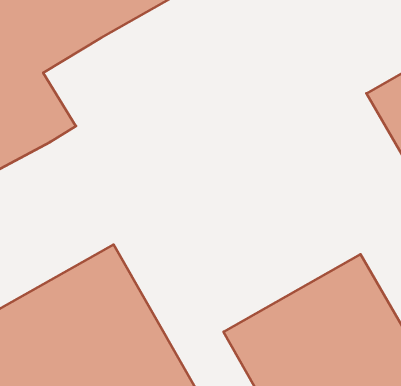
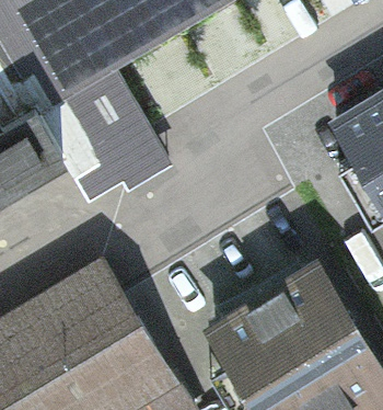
building: none -> [39,70,158,214]

